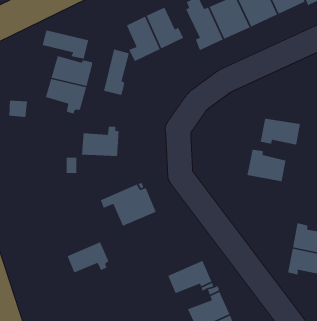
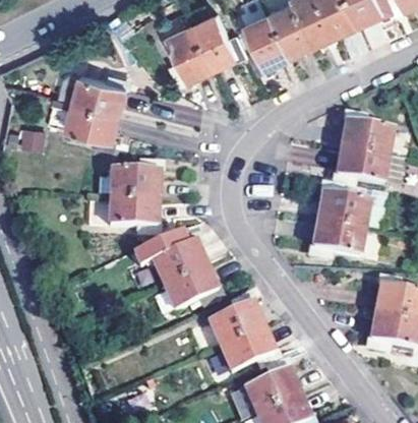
building: [42,29,89,60] -> none
building: [103,48,130,96] -> none
building: none -> [342,114,393,159]
building: none -> [110,198,158,235]
building: none -> [313,224,364,258]
building: none -> [208,297,264,349]
building: [66,241,109,274] -> [164,269,218,310]

